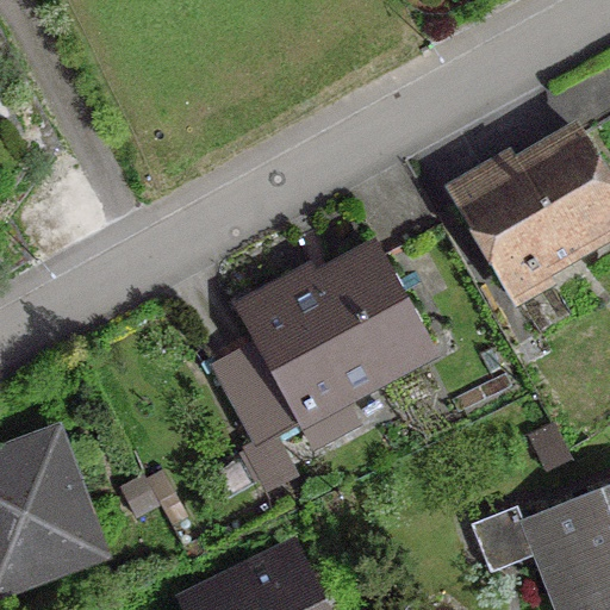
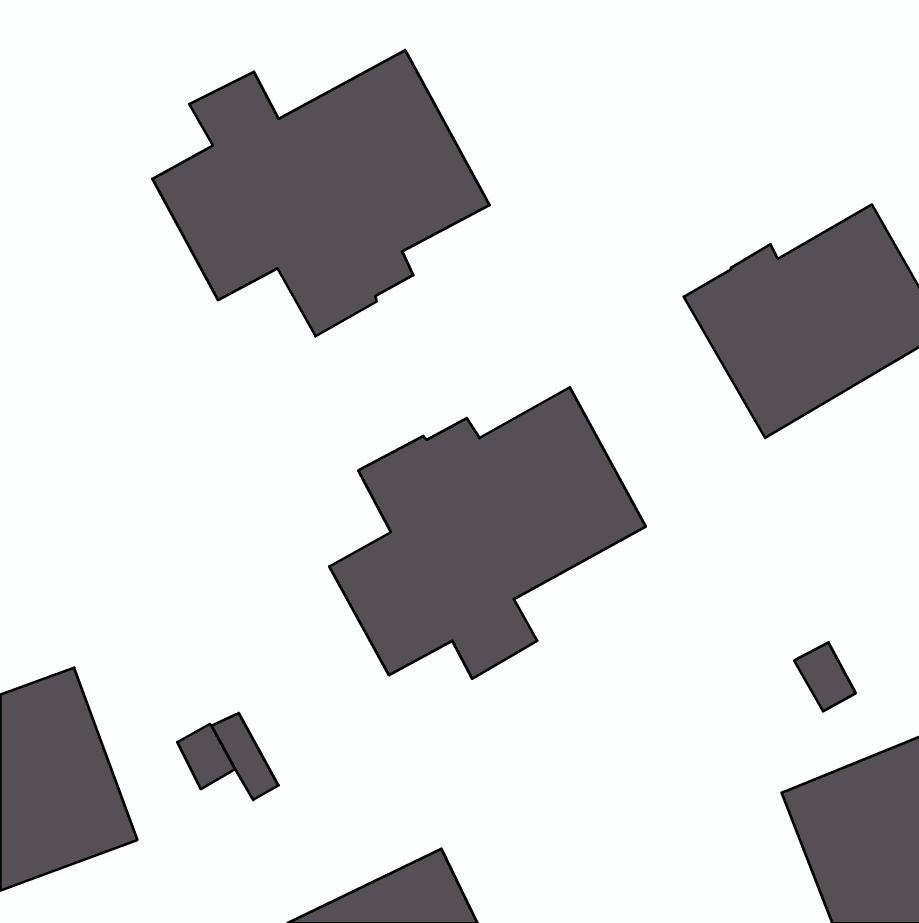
building: none -> [152,50,490,336]

